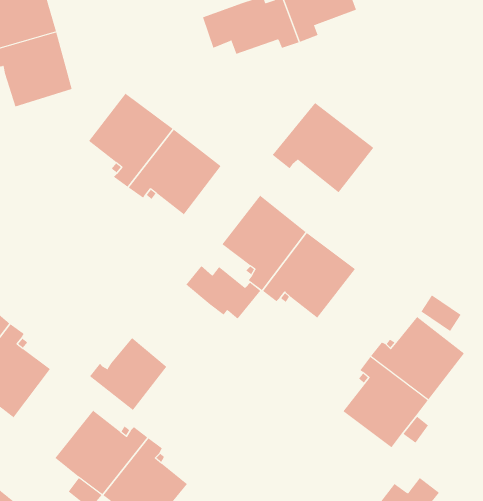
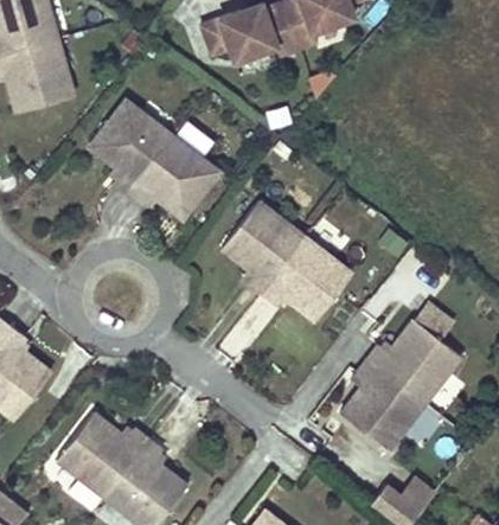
building: [272,102,374,193] -> none
building: [186,265,261,319] -> none
building: [89,337,167,411] -> none

